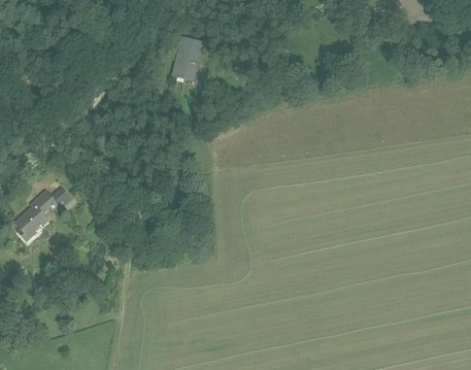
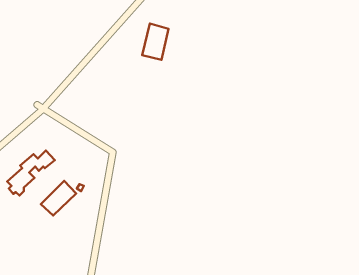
building: none -> [41,181,76,216]

